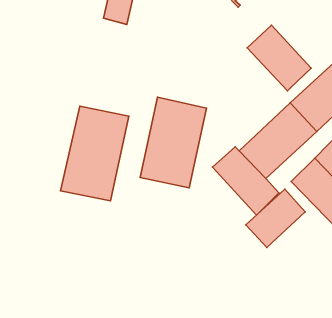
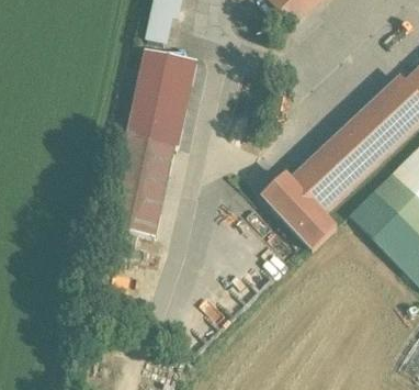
building: [247,25,311,91] -> none
building: [140,97,206,188] -> [123,45,194,143]
building: [246,189,305,248] -> none

